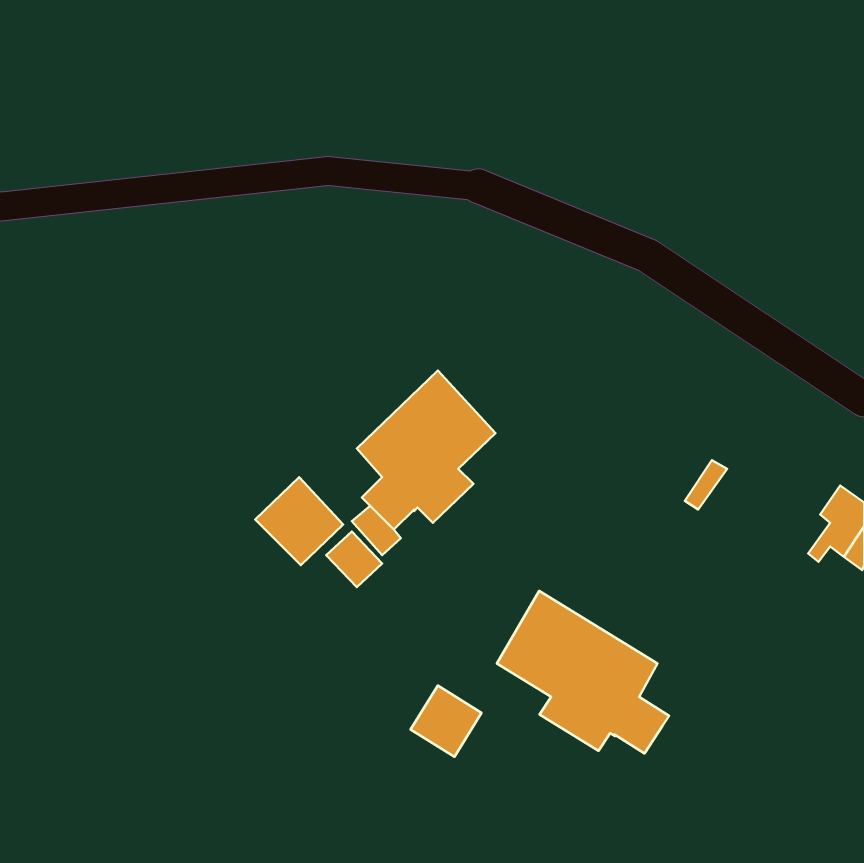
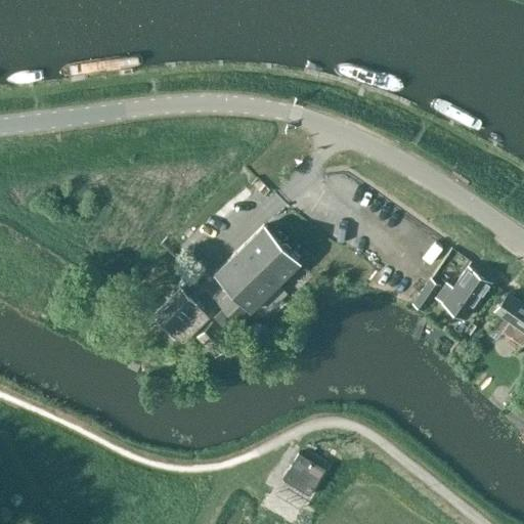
building: none -> [436,266,487,319]
building: [497,591,669,754] -> none
building: [411,686,482,757] -> [282,452,325,495]

